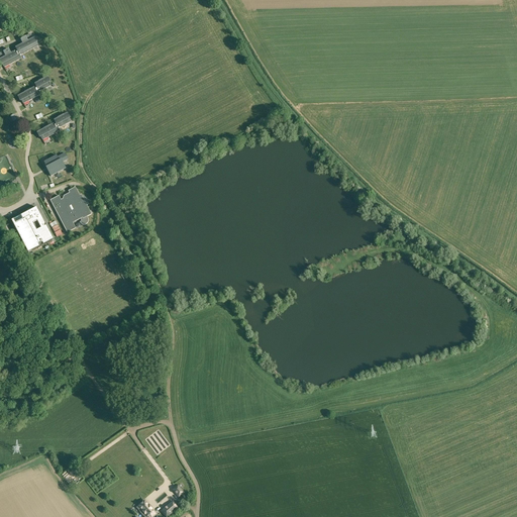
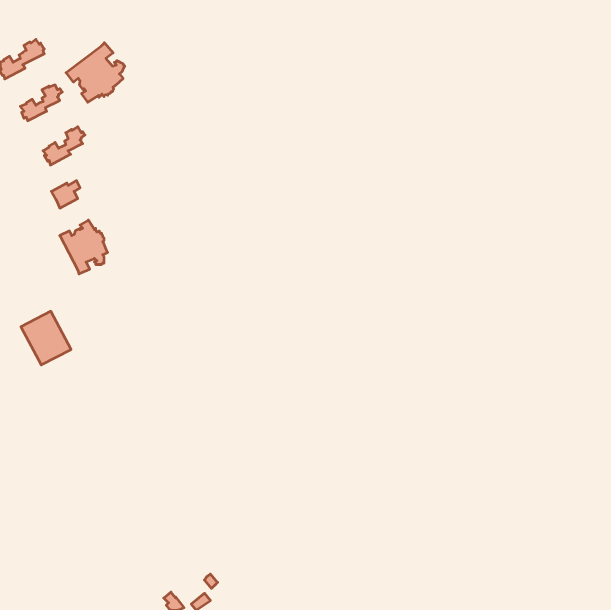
building: none -> [66,43,125,102]
building: [11,206,54,251] -> [21,311,71,365]

